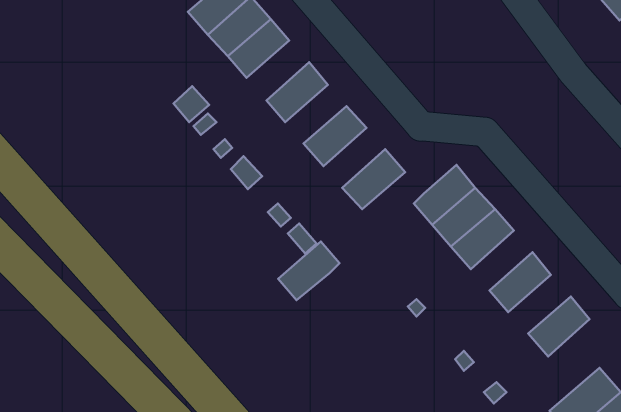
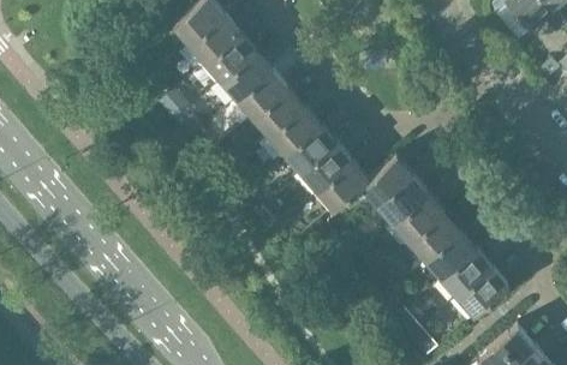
building: none -> [220,50,273,101]
building: none -> [252,88,304,137]
building: none -> [285,124,336,174]
building: none -> [408,210,460,261]
building: [278,242,340,300] -> [317,161,369,210]
building: none -> [440,247,493,297]

